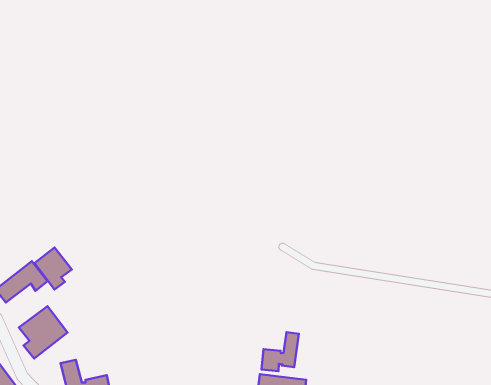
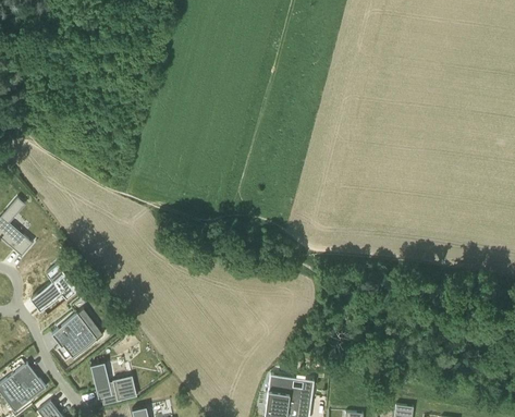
building: [34,248,72,289] -> none
building: [262,332,299,371] -> none

